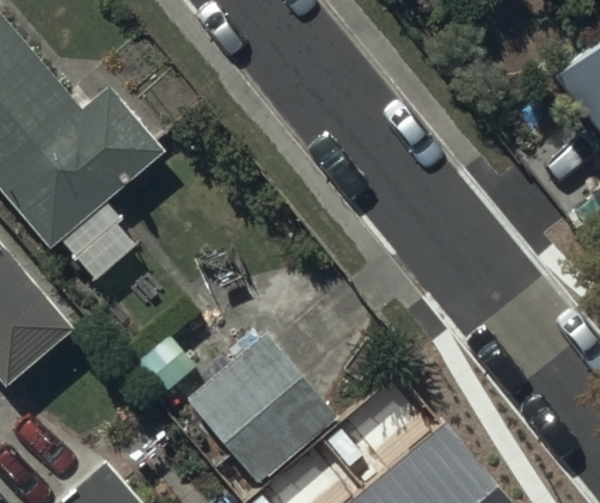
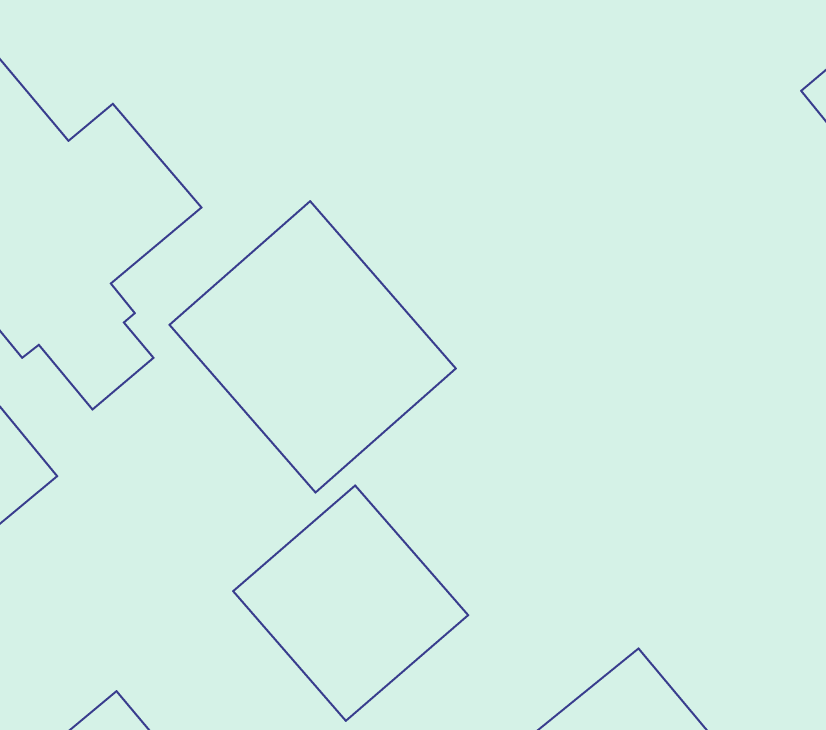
building: none -> [170,201,456,492]

